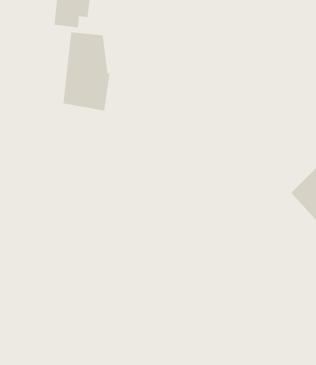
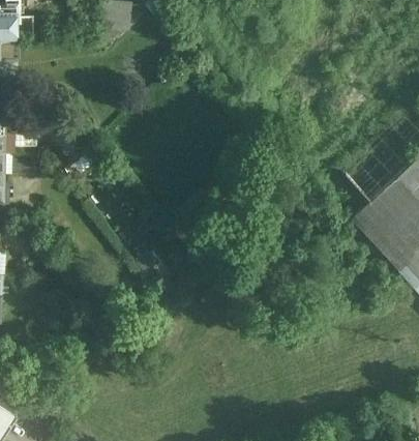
building: [63,31,110,111] -> none

